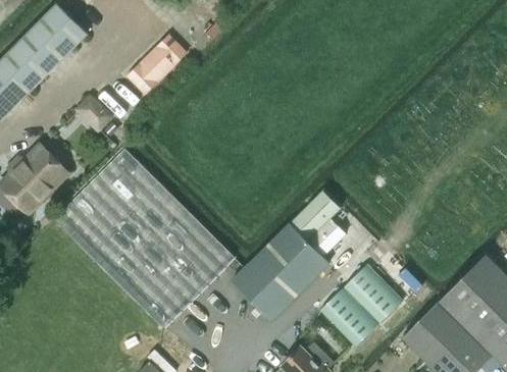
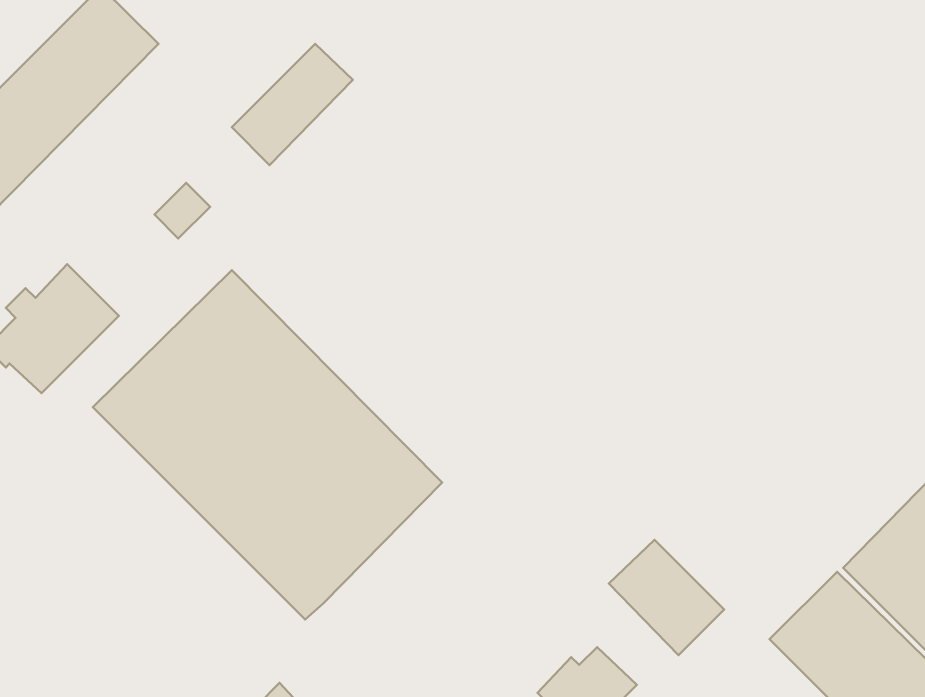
building: [232,190,346,321] -> none
building: [343,264,402,323] -> none

